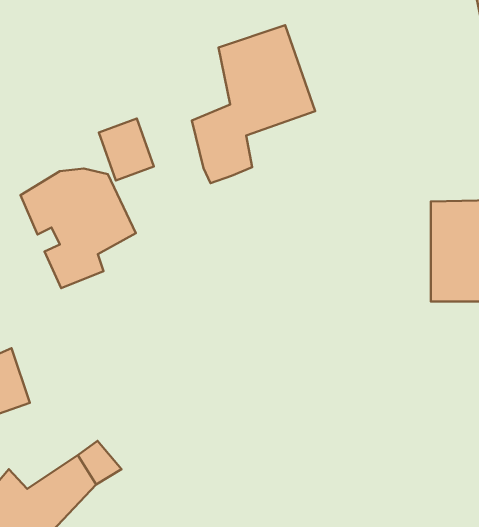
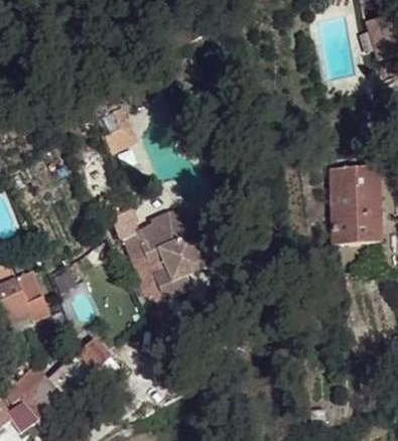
building: [192,25,315,183] -> none
building: [21,168,136,288] -> [129,212,212,298]

